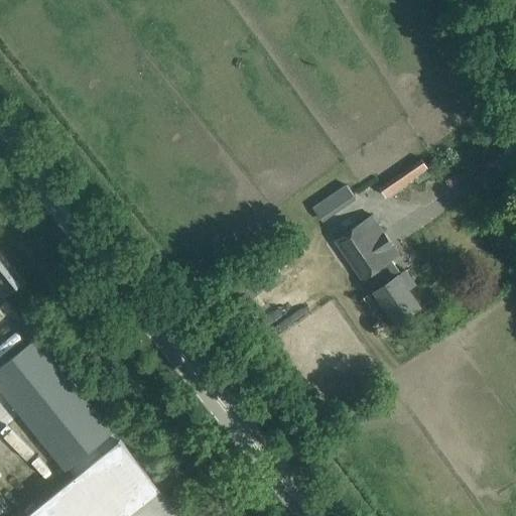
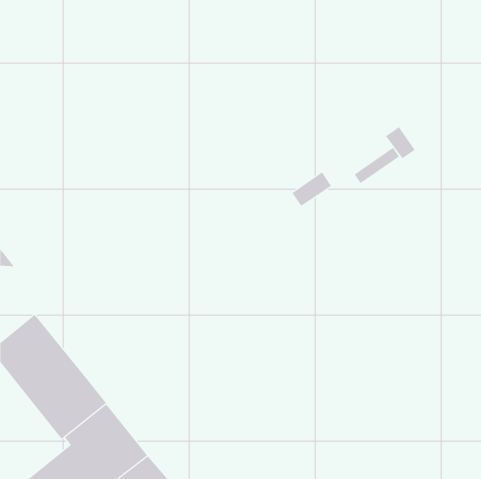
building: none -> [385,126,415,159]
building: [335,217,418,325] -> none

